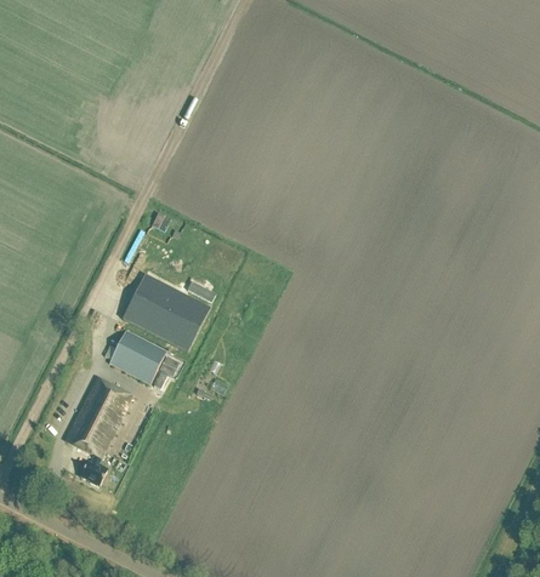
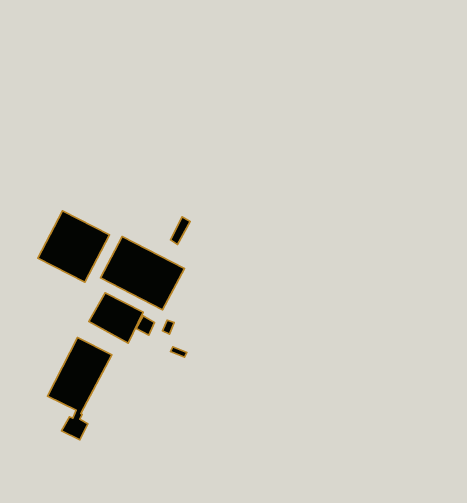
building: none -> [38,211,109,282]

